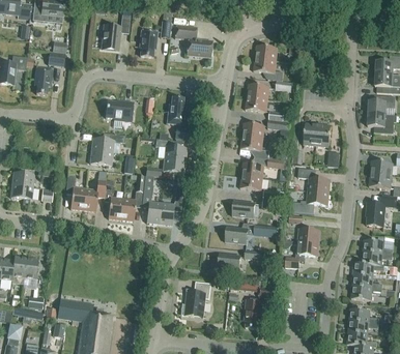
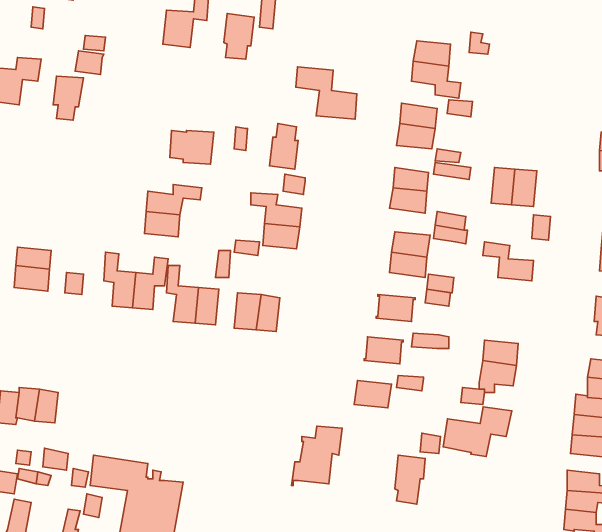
building: [174,25,211,57] -> [296,67,357,119]
building: [293,190,327,214] -> none
building: none -> [443,407,512,456]

